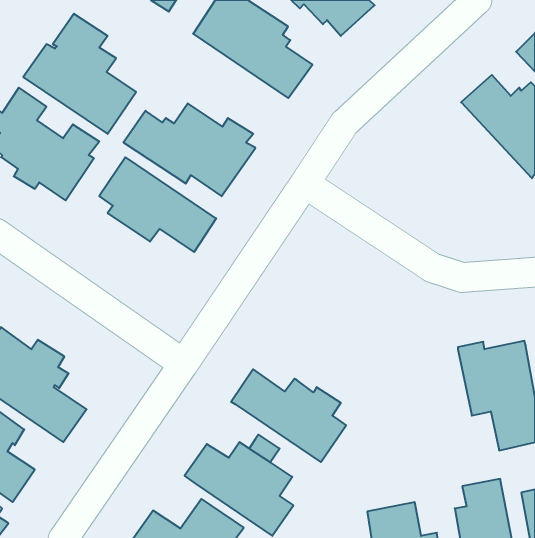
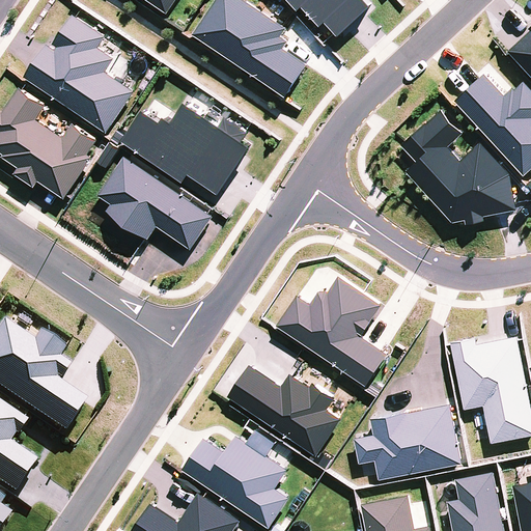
building: none -> [400,110,514,224]
building: none -> [276,276,386,386]
building: none -> [353,403,460,479]

